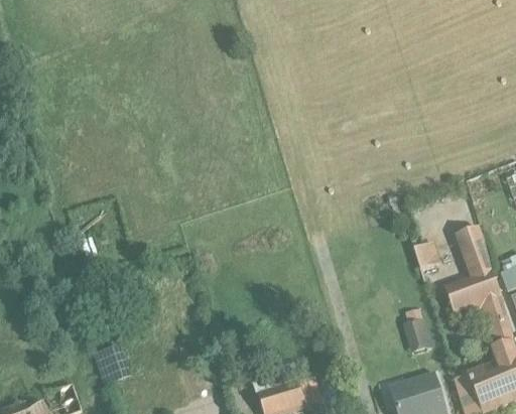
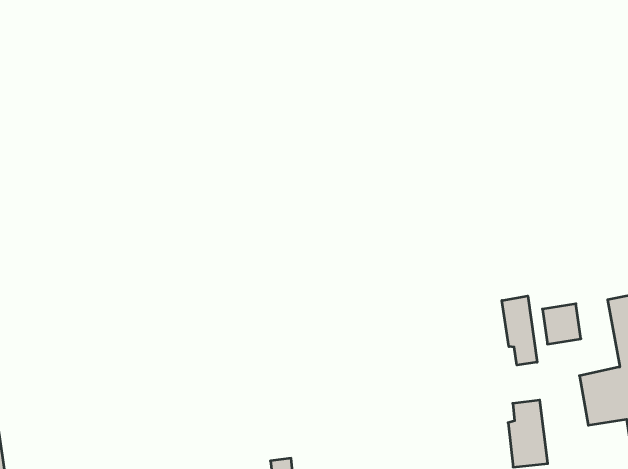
building: none -> [502,296,537,365]

